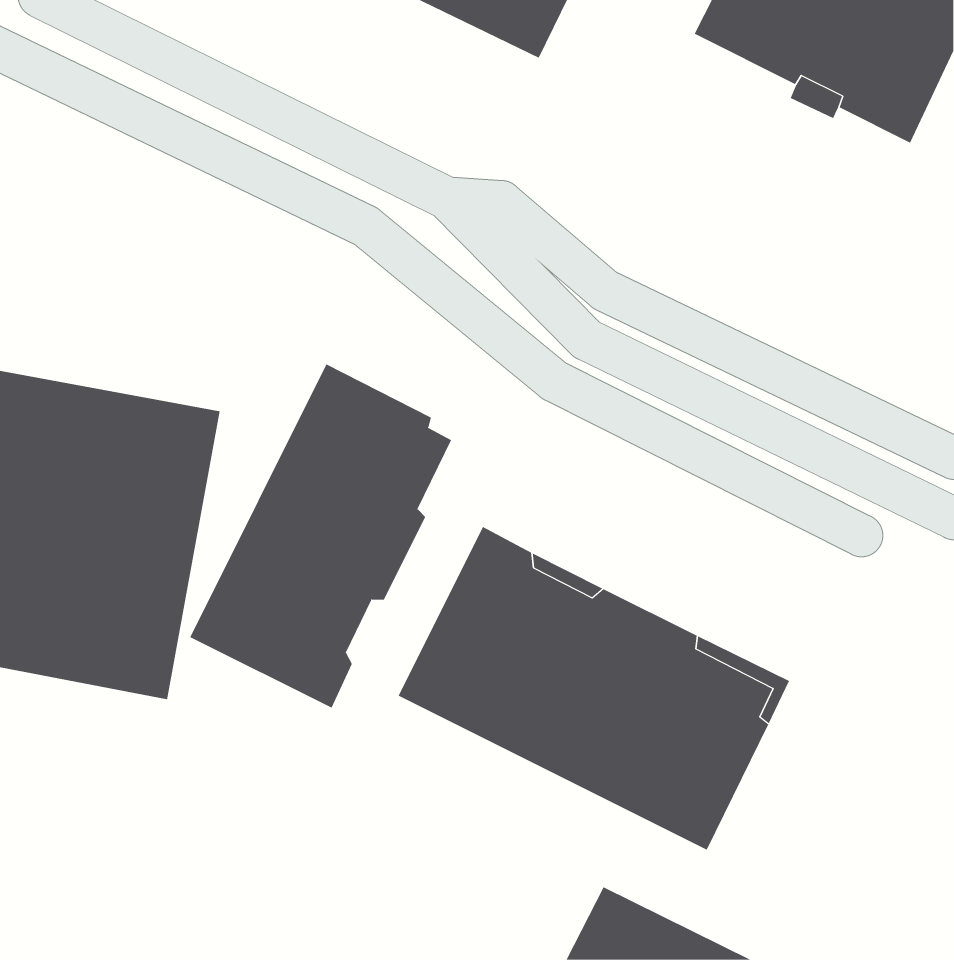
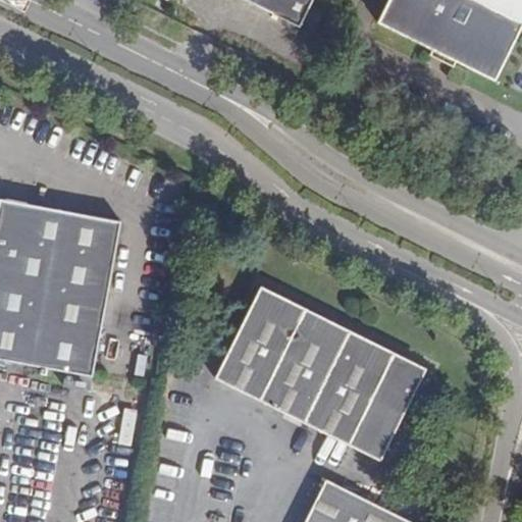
building: [189,364,452,709] -> none

